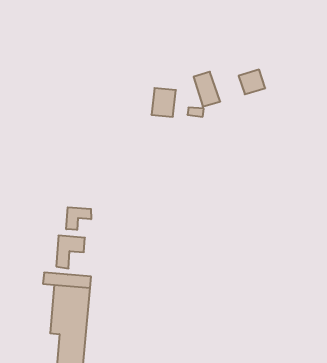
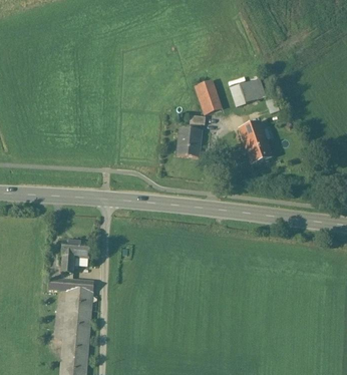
building: [151,88,176,117] -> [177,128,201,156]
building: none -> [239,120,271,164]
building: [66,207,91,230] -> none

